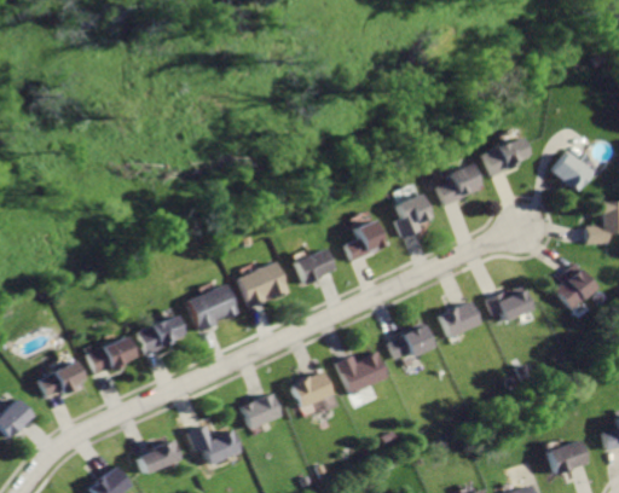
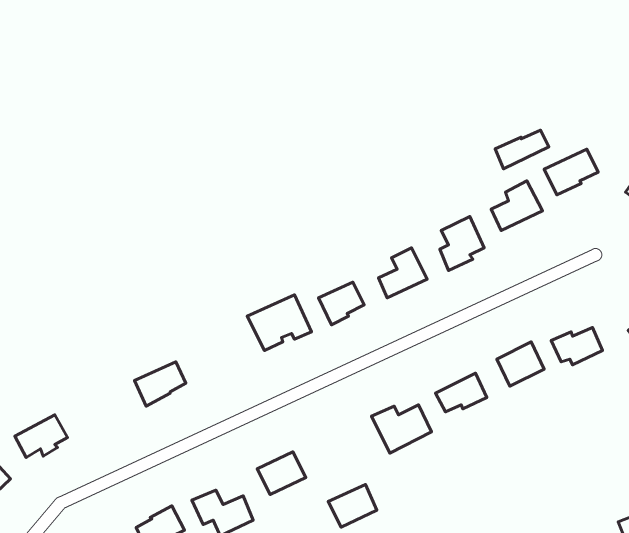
building: none -> [495,130,549,169]
building: [183,283,236,332] -> none
building: [85,335,133,373] -> none
building: [293,371,334,407] -> [328,484,377,527]

